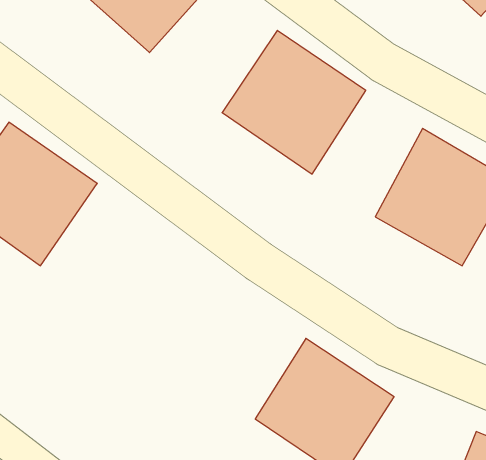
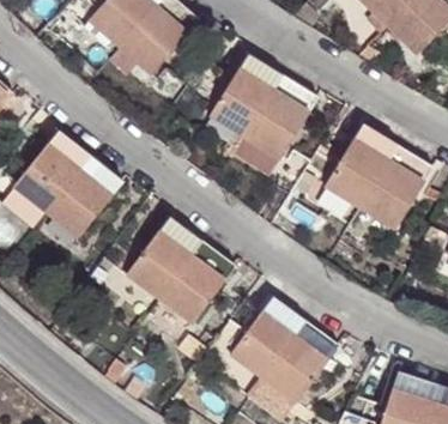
building: none -> [121,217,231,326]

